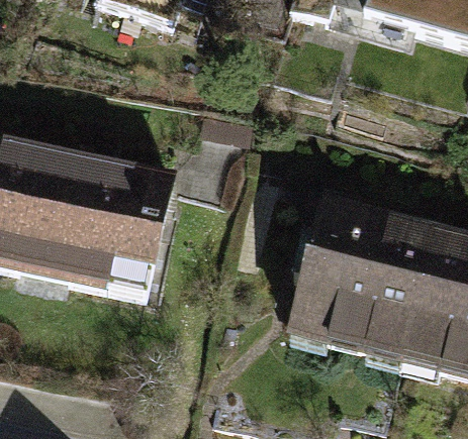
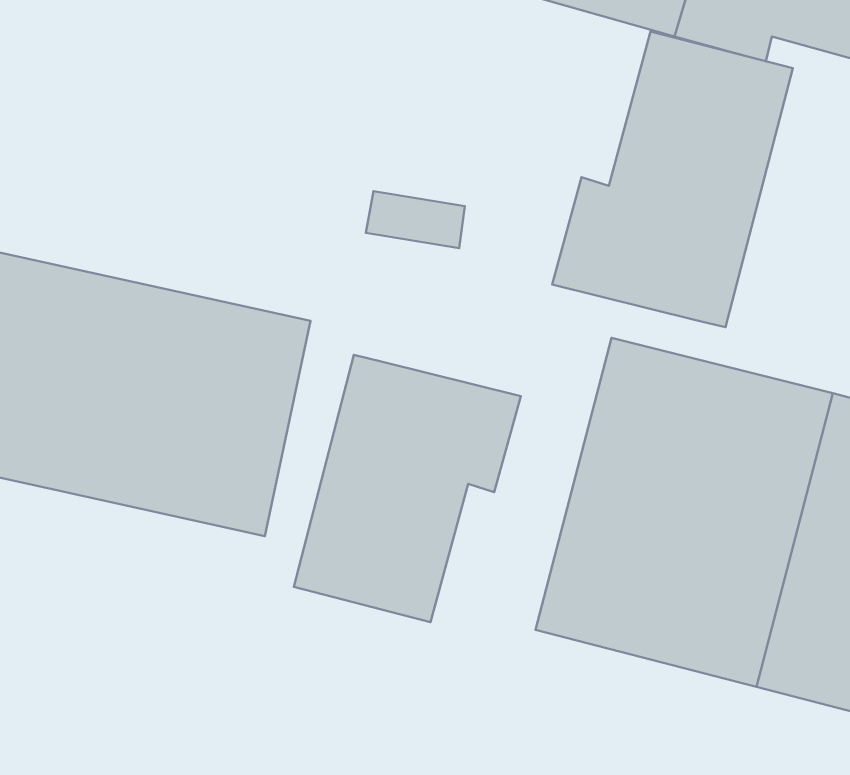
building: none -> [552,31,793,327]
building: none -> [294,355,521,622]

